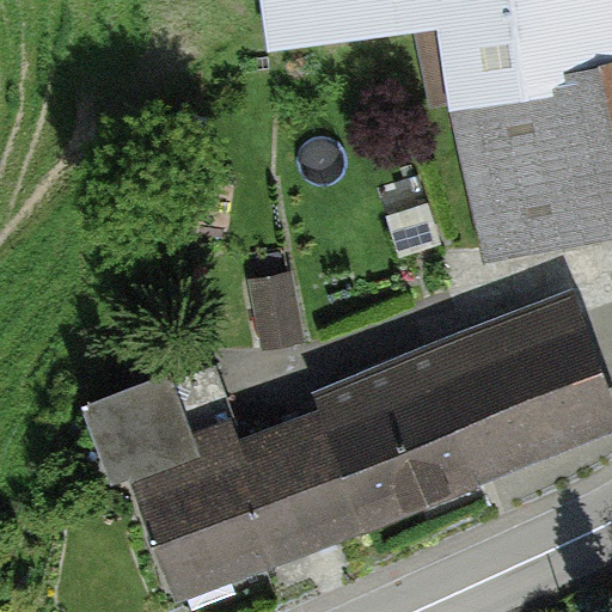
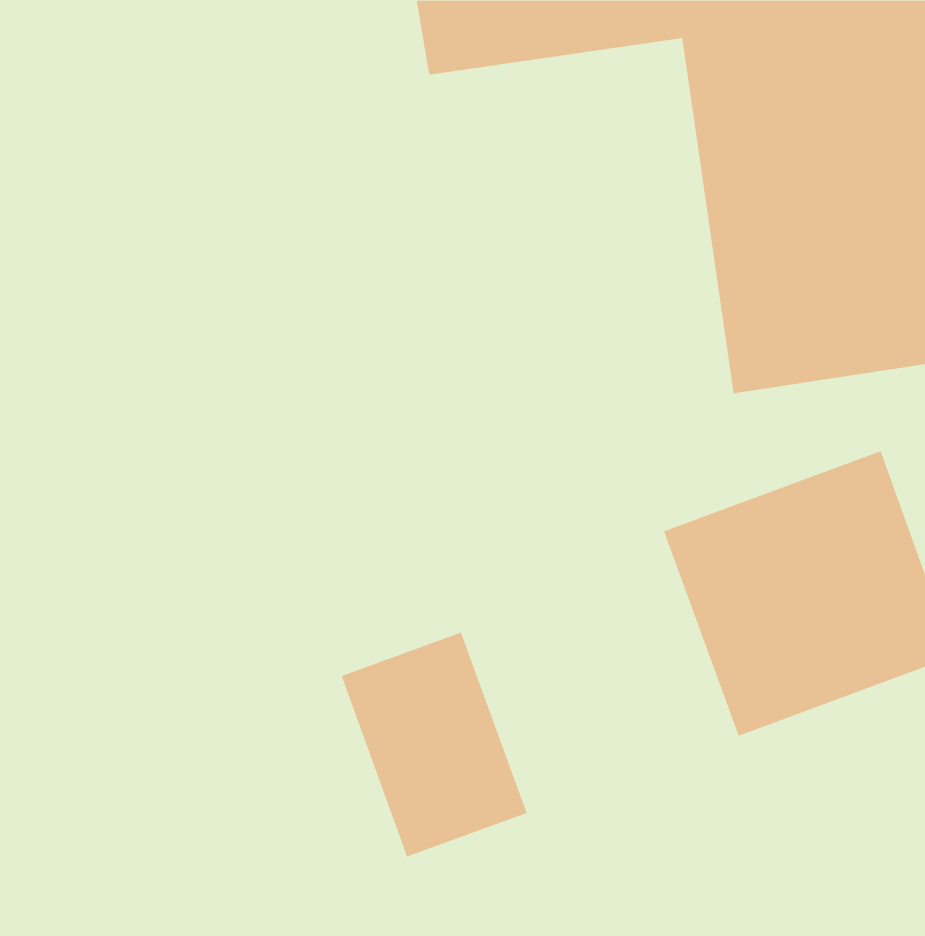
building: [302,347,489,531] -> none
building: [73,371,273,598] -> none

